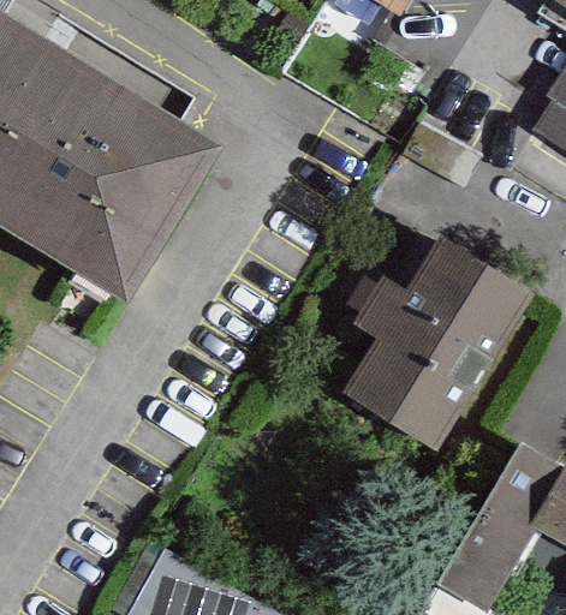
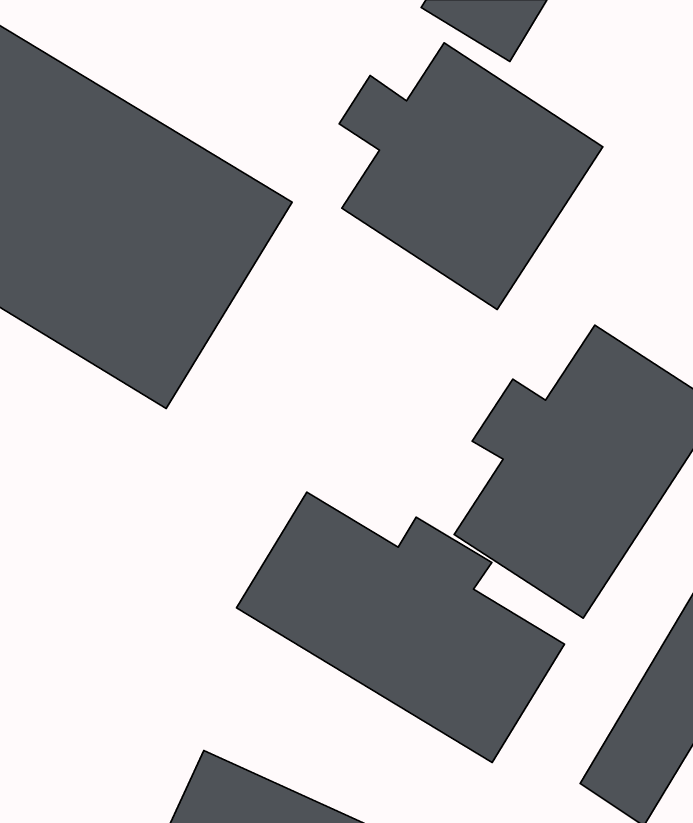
building: none -> [339,43,603,309]
building: none -> [237,492,565,763]

